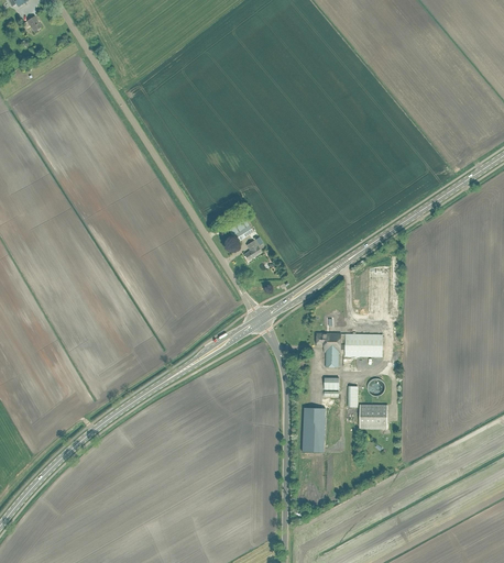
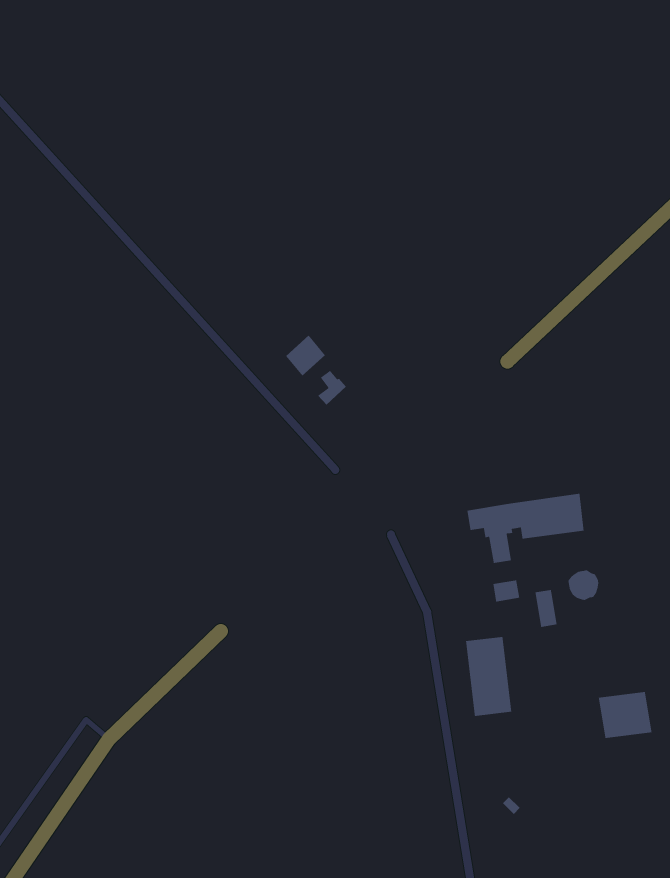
building: [360,404,387,429] -> [598,691,652,739]

